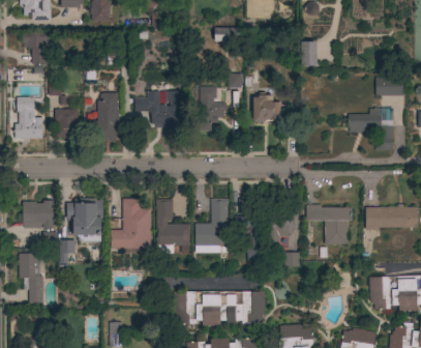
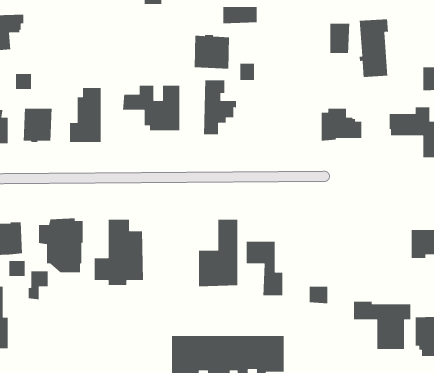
building: none -> [359,18,389,78]
building: none -> [194,34,230,70]
building: [253,94,287,121] -> [321,108,362,141]
building: [156,199,190,253] -> none
building: [306,204,353,243] -> [353,301,411,350]
building: [268,213,294,249] -> none

